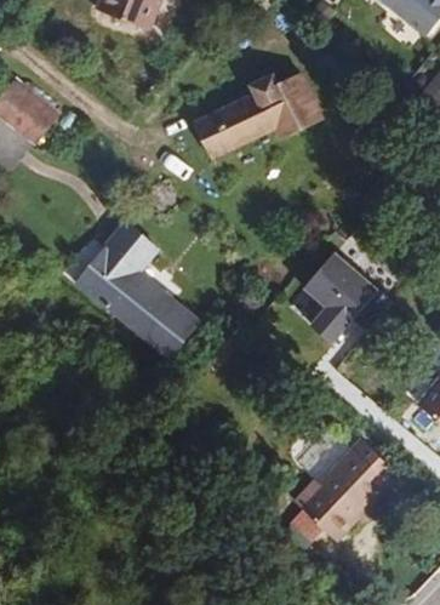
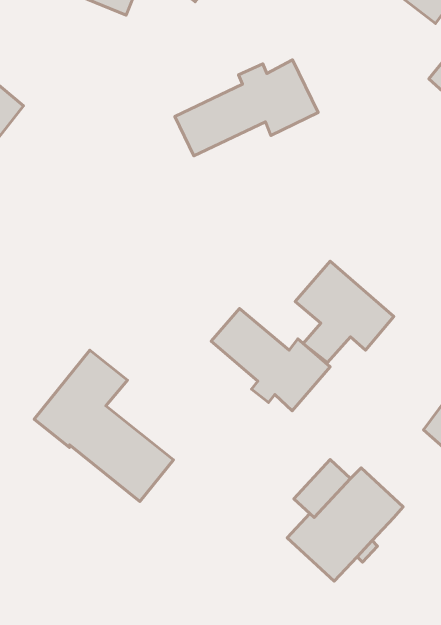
building: [74,221,199,356] -> [34,350,173,502]
building: none -> [211,309,330,411]

